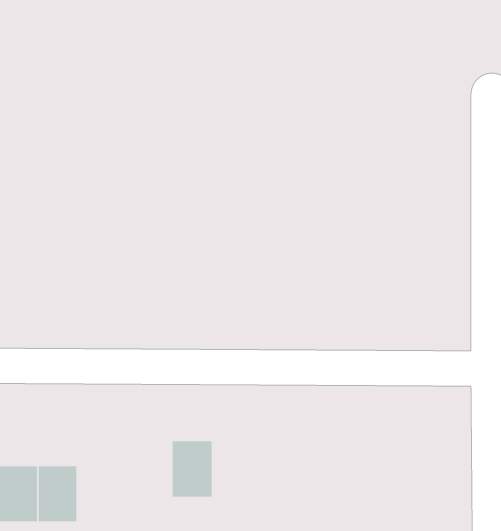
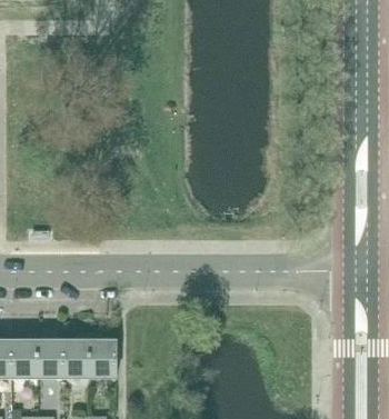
building: [172,441,213,497] -> [90,340,117,377]

